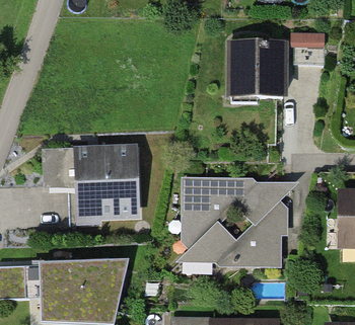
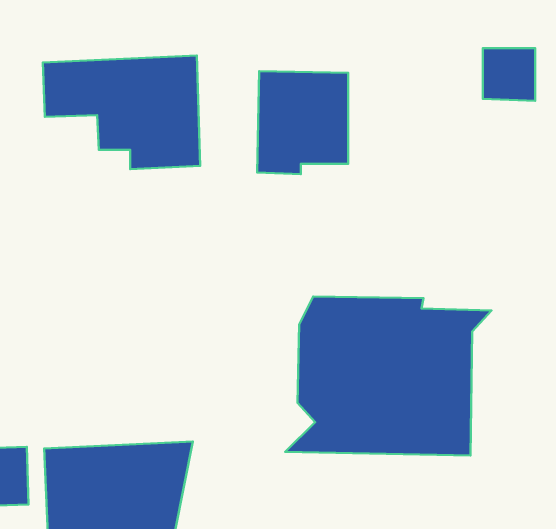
building: [230,40,283,100] -> [257,71,348,174]
building: [46,147,137,213] -> [43,56,200,169]

